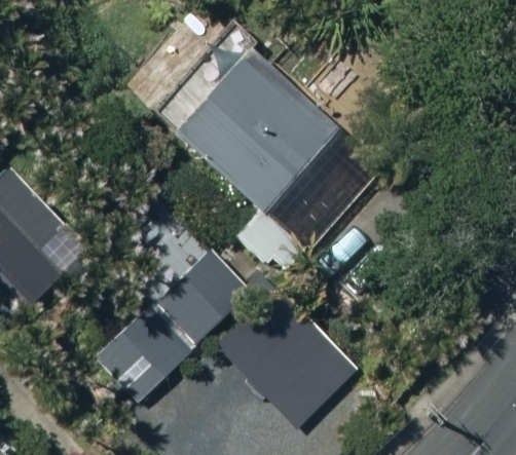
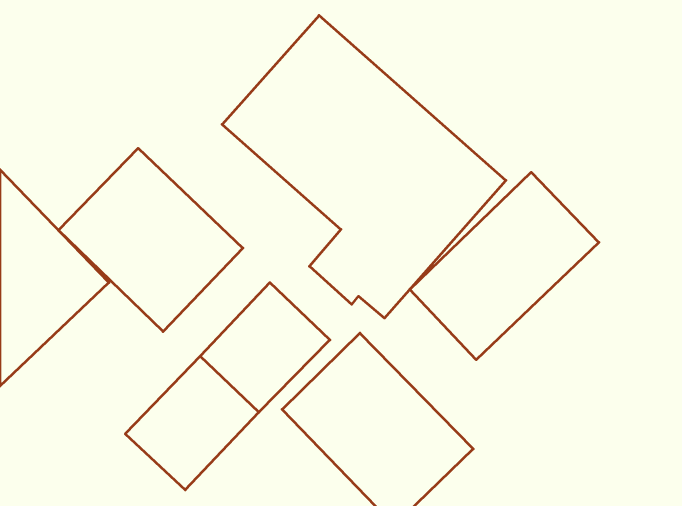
building: none -> [58,148,243,332]
building: none -> [410,172,599,360]

